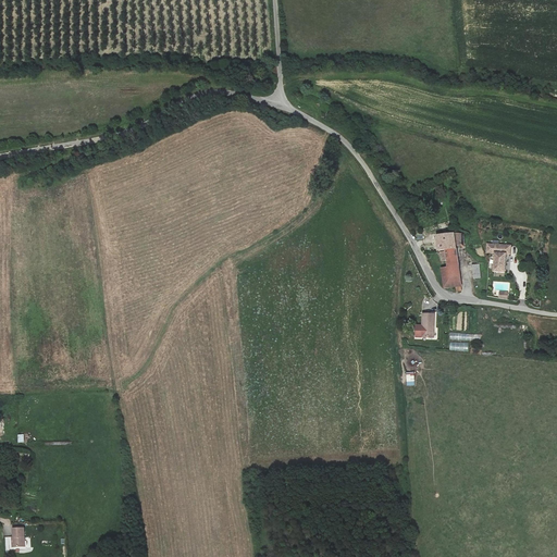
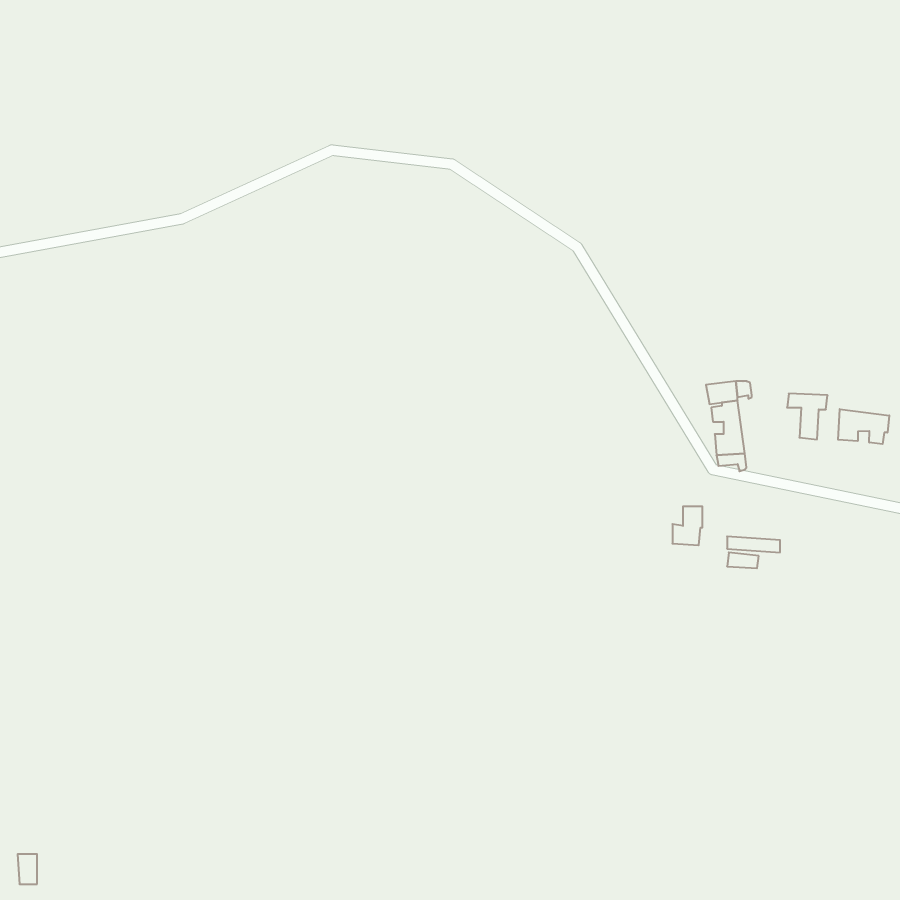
building: none -> [838,409,889,444]

